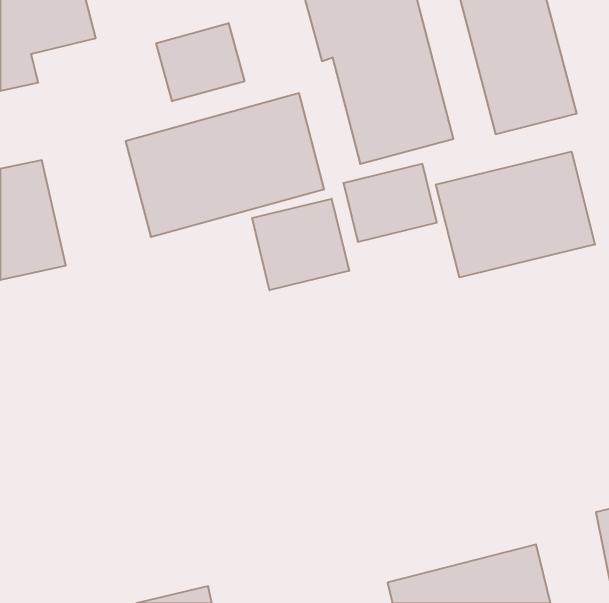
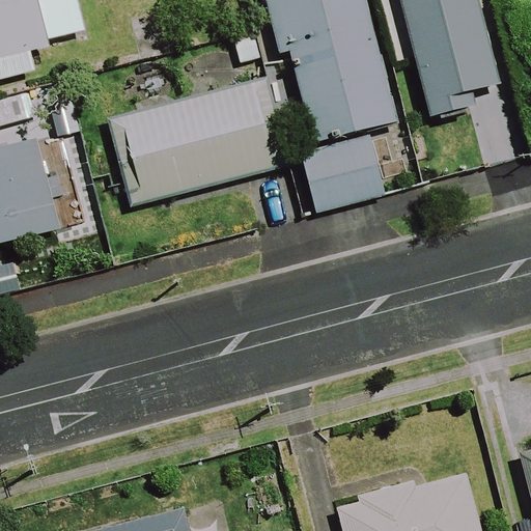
building: [156,23,244,101] -> none
building: [436,152,595,277] -> none
building: [252,199,349,290] -> none

